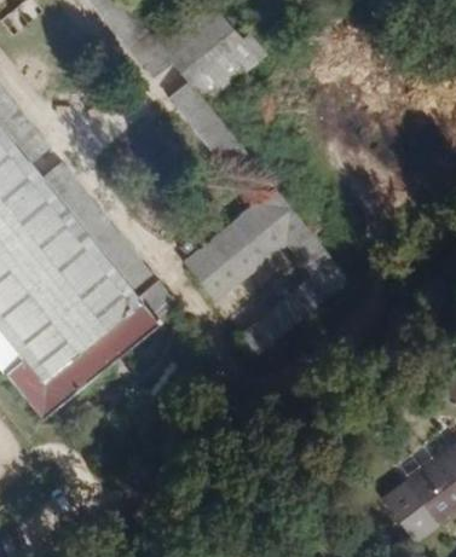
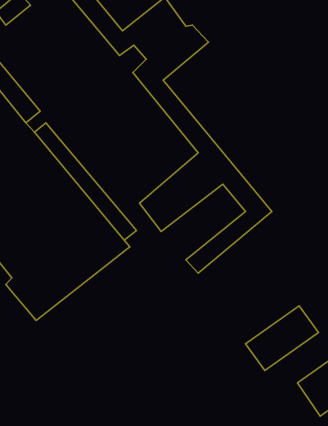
building: none -> [245,306,319,371]

